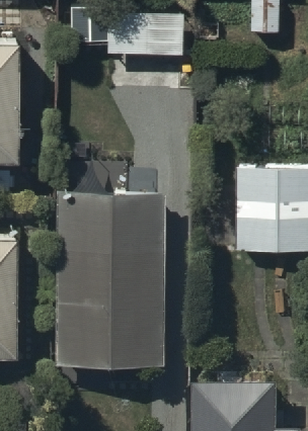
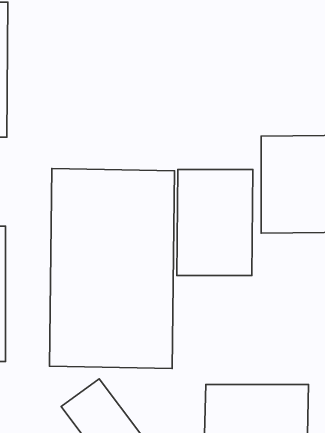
building: none -> [177,170,253,276]

